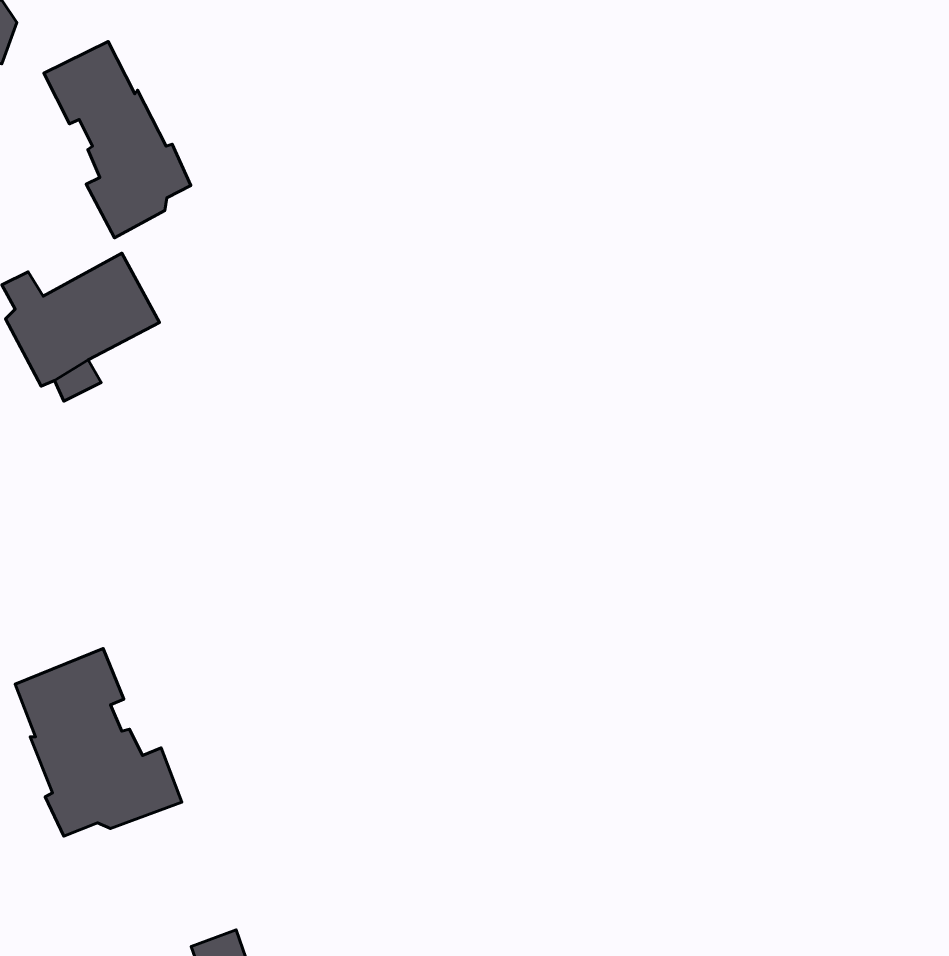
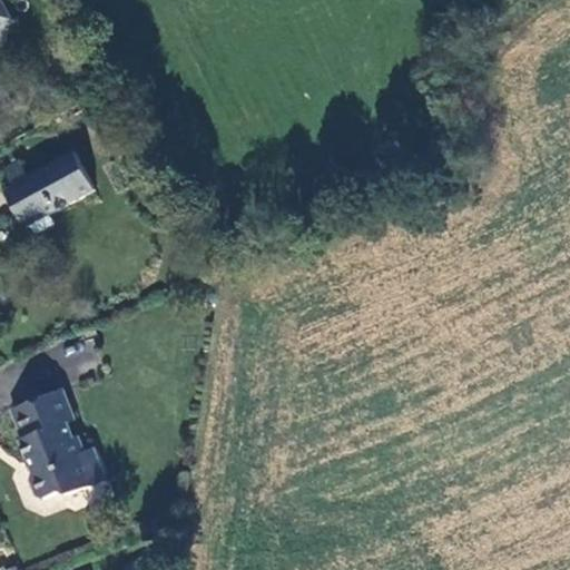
building: [44,42,191,238] -> none

